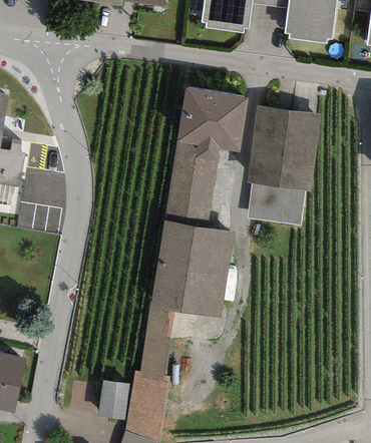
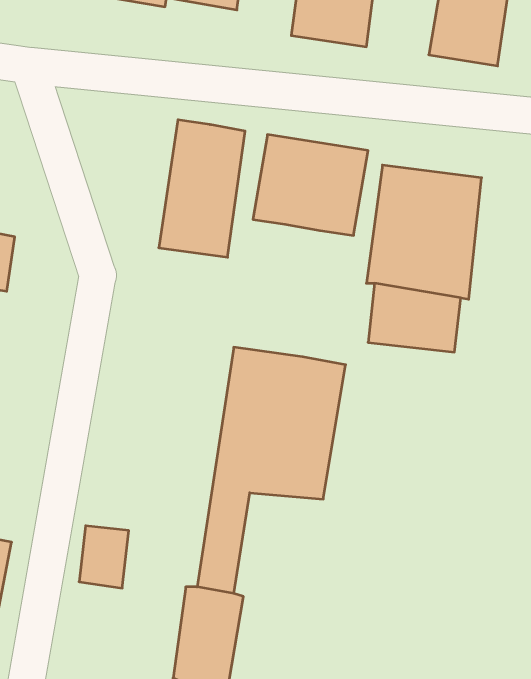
building: [163,141,218,228] -> [159,120,245,257]
building: [97,382,128,421] -> [79,526,129,588]

